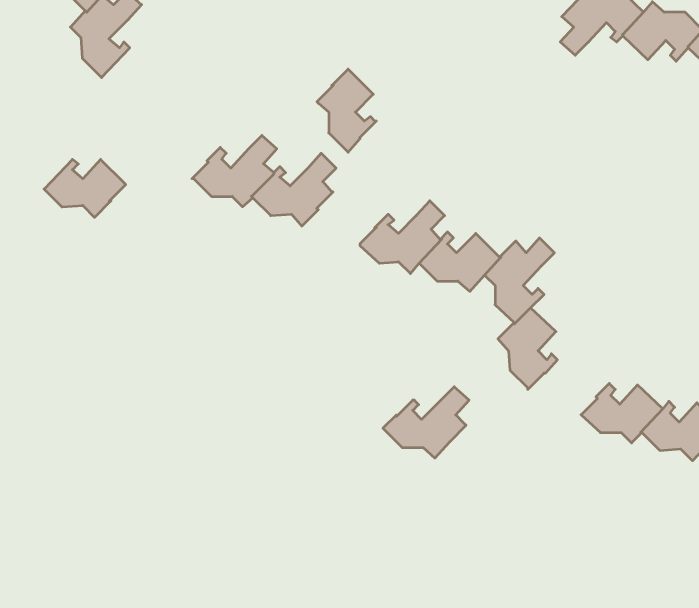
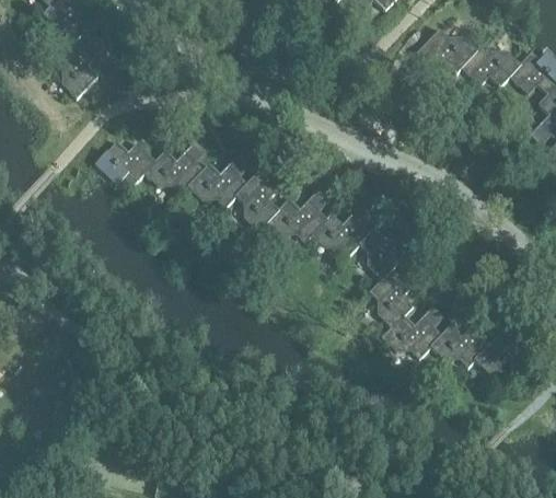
building: [317,69,376,152] -> [235,170,279,231]
building: [44,159,126,217] -> [95,141,155,184]
building: [383,387,469,458] -> [381,305,444,358]

